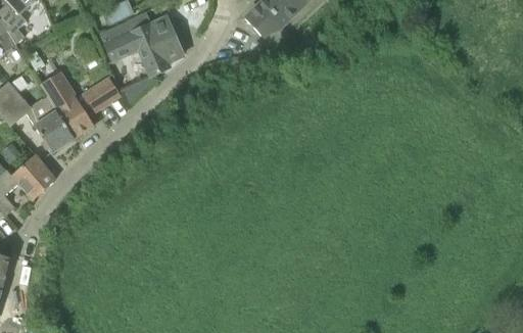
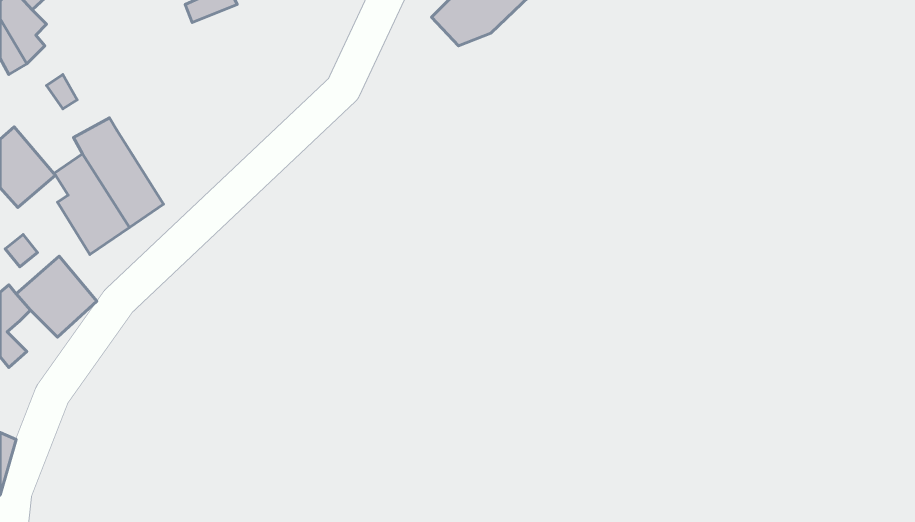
building: [99,14,183,79] -> none
building: [85,78,121,111] -> none

